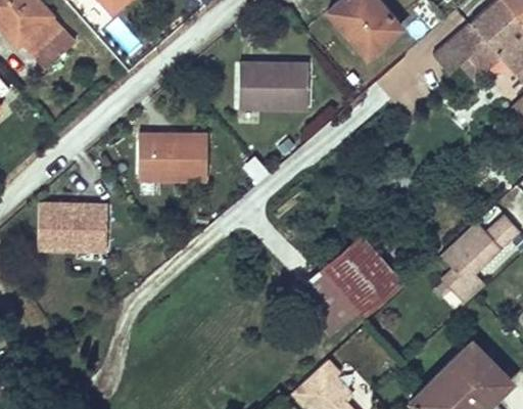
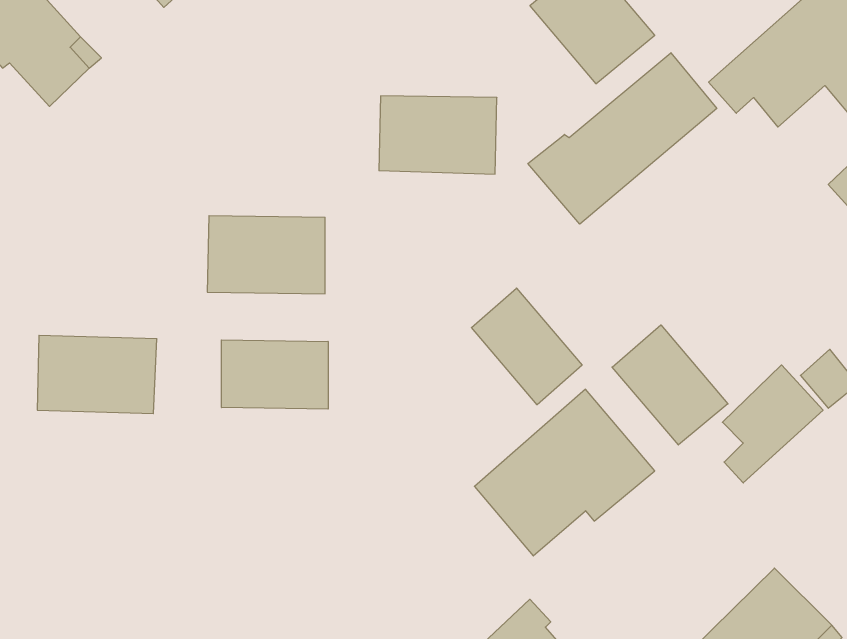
building: none -> [528,53,717,224]
building: none -> [471,288,582,405]
building: none -> [612,325,728,445]
building: none -> [222,340,328,409]

